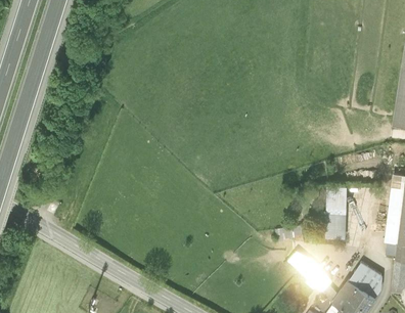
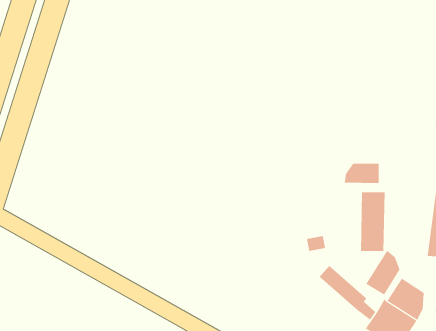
building: none -> [344,163,379,184]
building: none -> [365,250,400,296]

